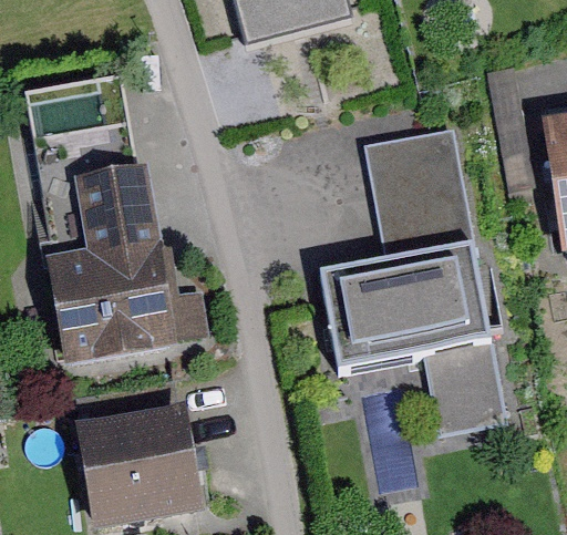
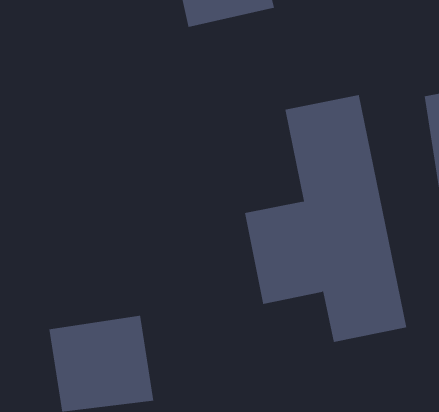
building: [48,155,192,358] -> none

